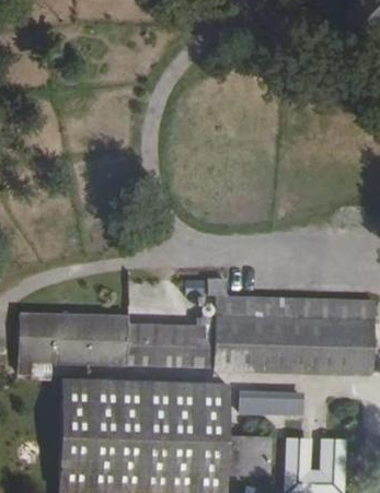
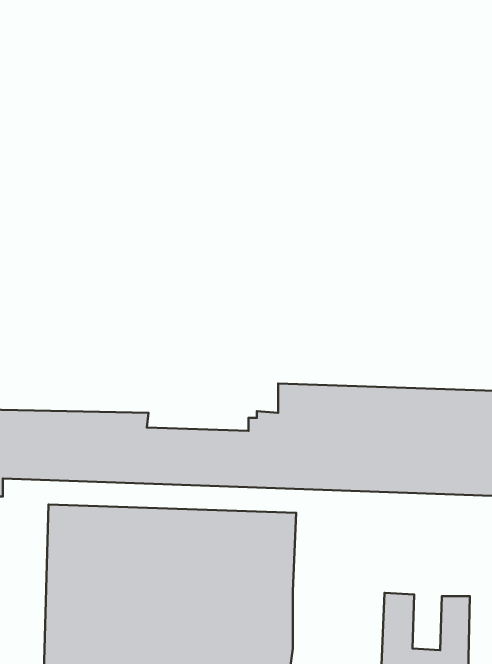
building: [239,389,303,414] -> none
building: [226,437,269,476] -> none

